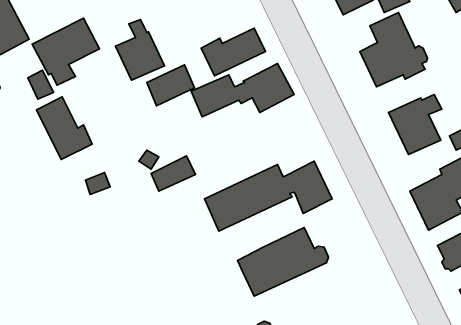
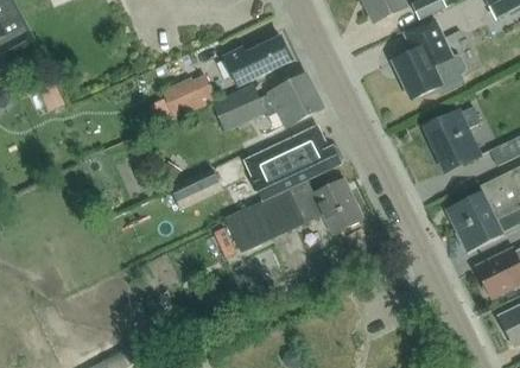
building: [32,18,100,85] -> none
building: [115,20,165,80] -> none
building: [37,97,92,159] -> none
building: [238,227,329,296] -> [246,126,343,199]

